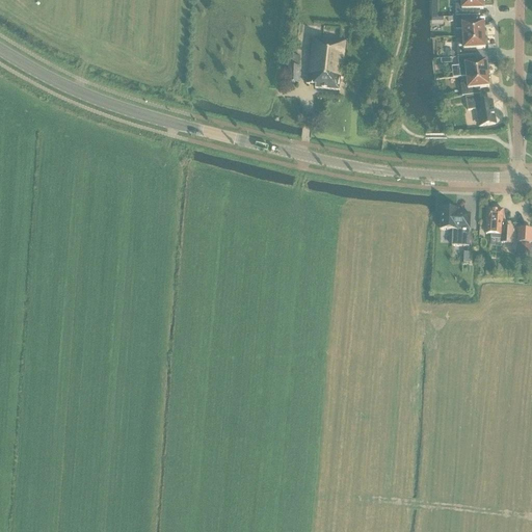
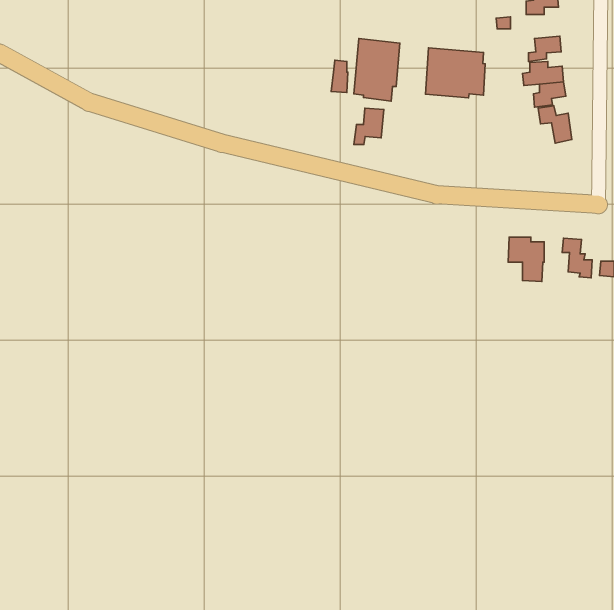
building: [454,14,483,33] -> none
building: none -> [426,48,485,98]
building: none -> [354,108,384,145]

